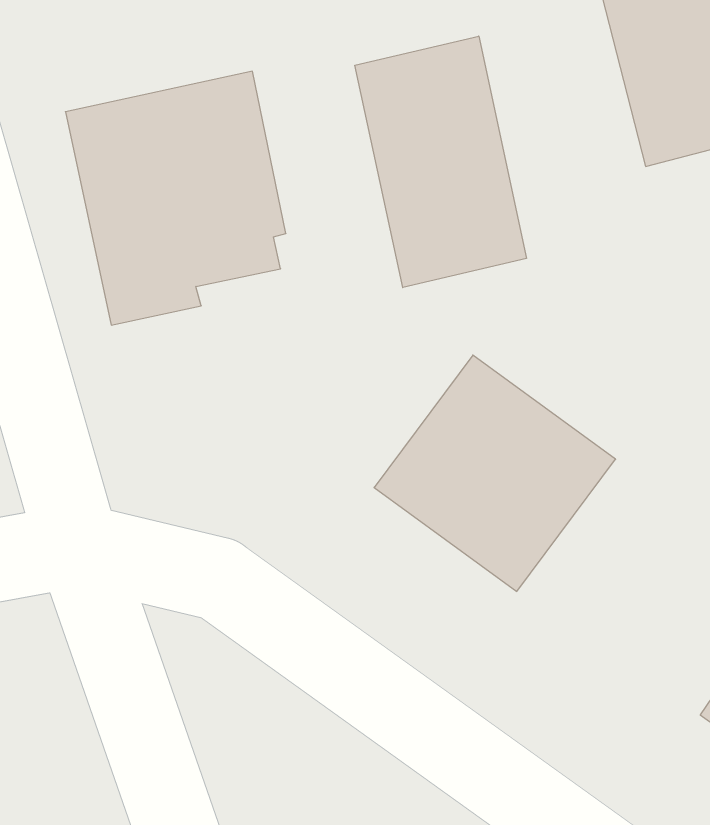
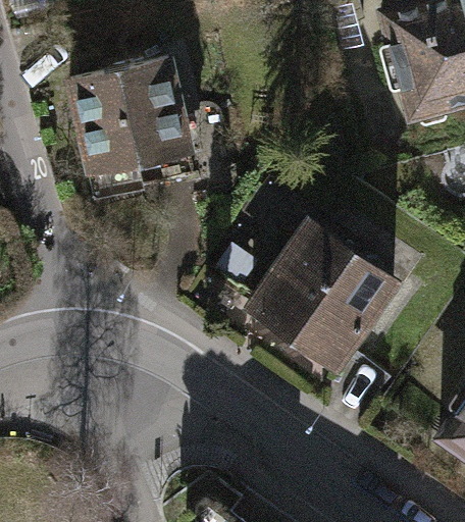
building: [355,36,526,288] -> none

